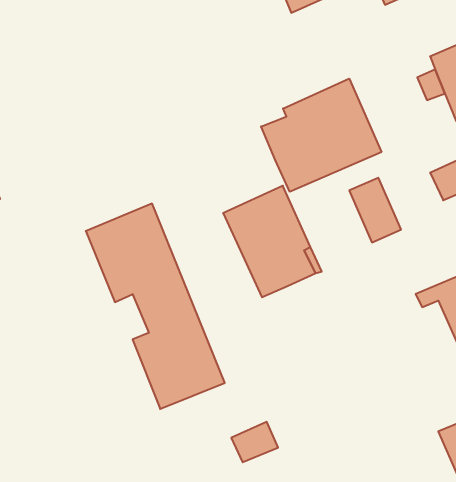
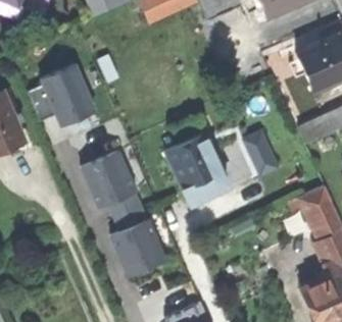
building: none -> [41,60,95,122]
building: [261,79,381,192] -> none

